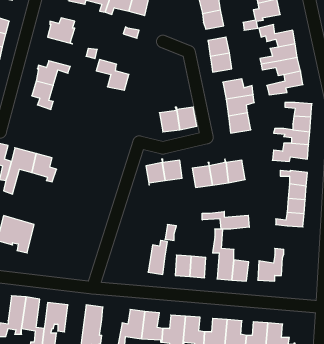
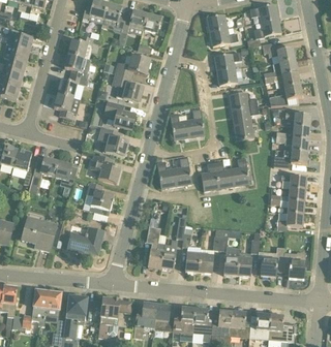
building: none -> [64,53,91,80]
building: none -> [116,55,150,77]
building: none -> [100,99,136,129]
building: none -> [98,127,128,156]
building: none -> [90,154,121,183]
building: none -> [86,182,114,215]
building: [202,211,249,229] -> none
building: none -> [146,225,164,267]
building: none -> [67,227,104,255]
building: none -> [282,251,306,279]

